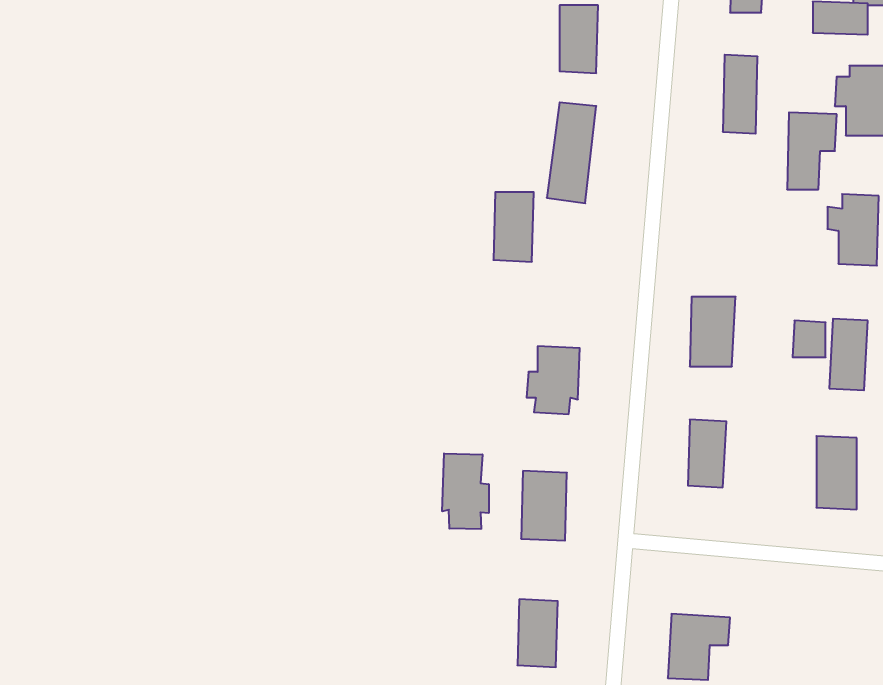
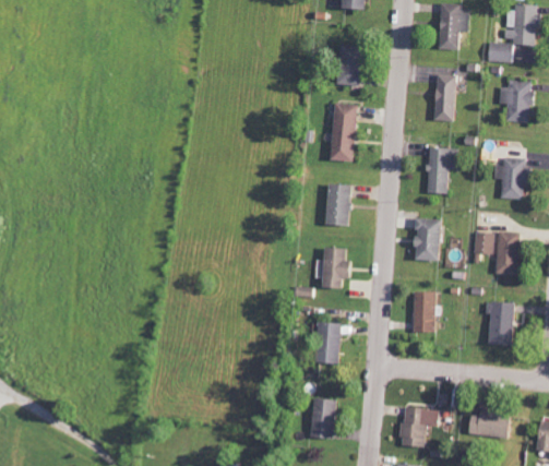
building: [787,112,837,189] -> [428,147,457,193]
building: [493,192,534,262] -> [326,184,350,226]
building: [442,453,489,529] -> none
building: none -> [467,409,509,440]

